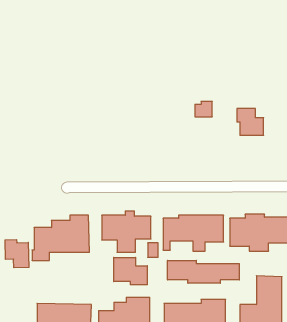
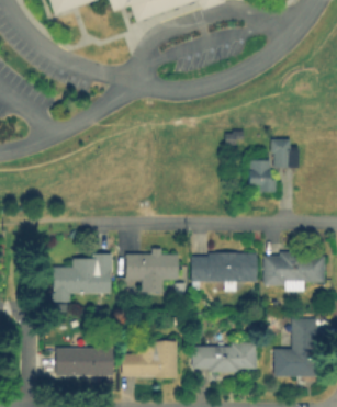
building: none -> [249,161,276,193]
building: [5,240,29,268] -> none
building: [114,257,147,285] -> none
building: [168,260,239,283] -> none

